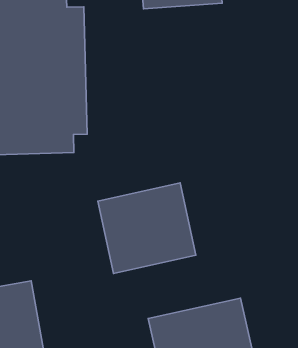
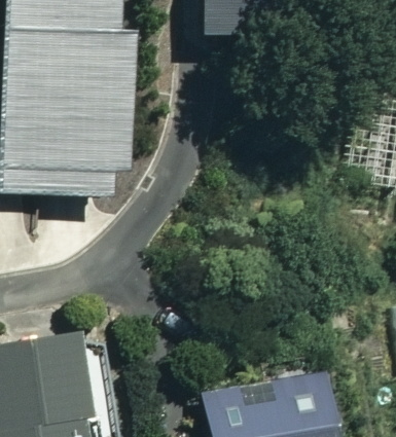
building: [98,183,196,274] -> none

